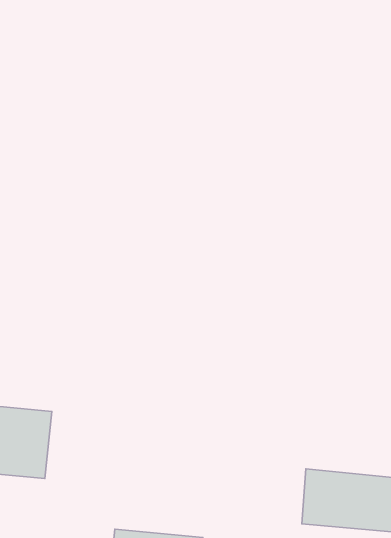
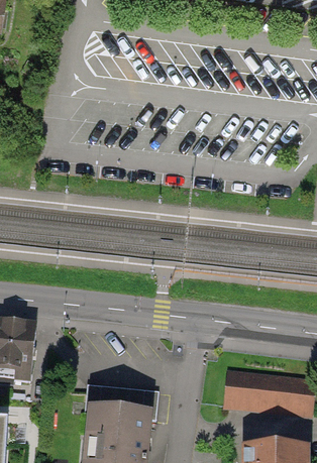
building: none -> [84,385,158,419]

